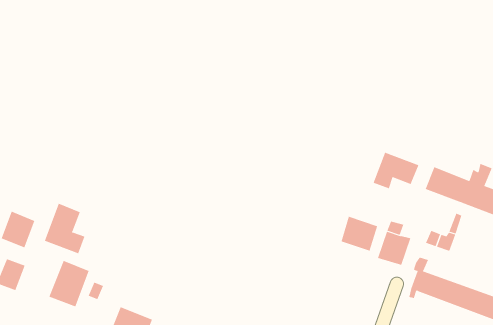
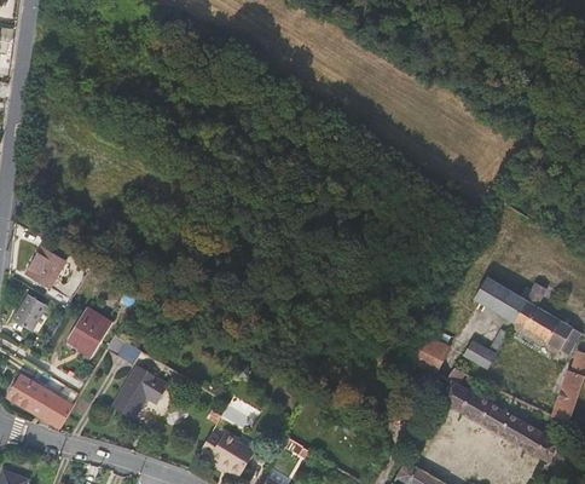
building: [373,152,419,189] -> none
building: [44,203,85,254] -> none
building: [341,216,378,252] -> none

